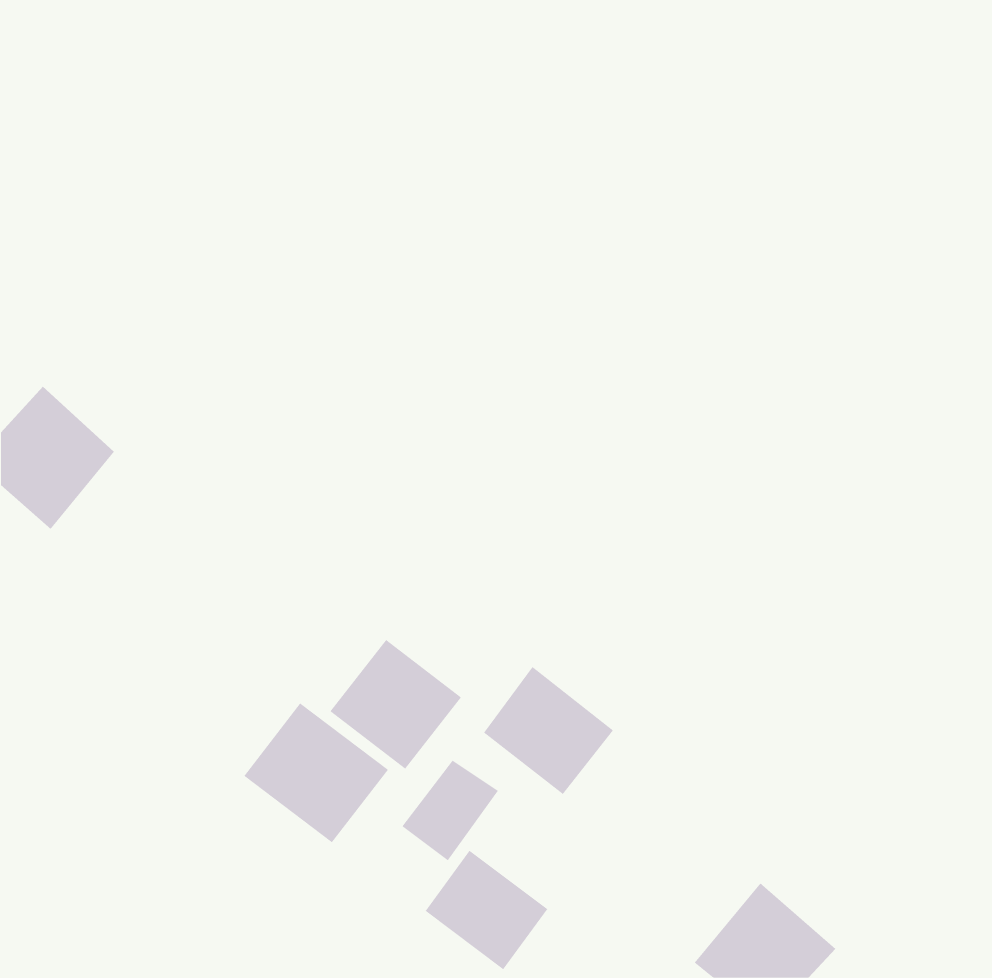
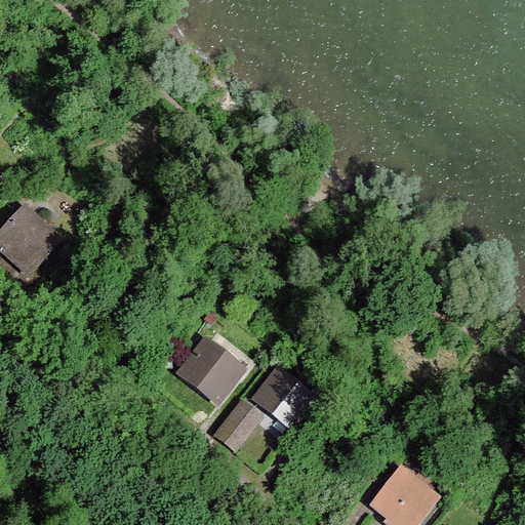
building: [244,703,389,843] -> none
building: [425,850,548,970] -> none

